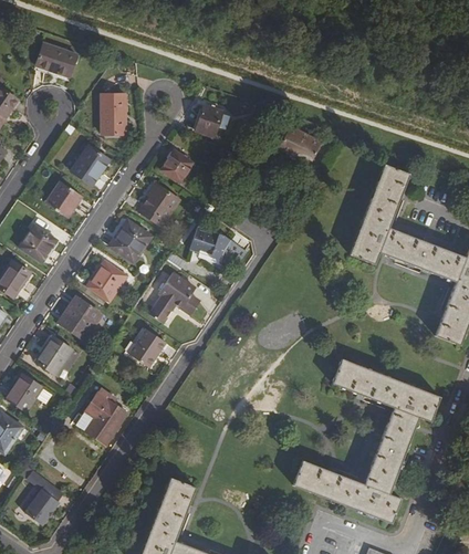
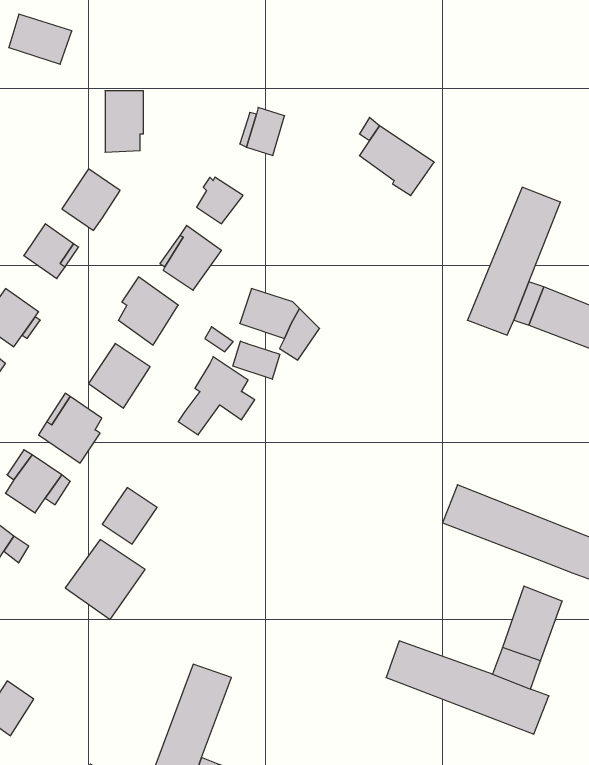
building: none -> [233,341,280,379]
building: [131,330,167,367] -> [102,488,157,544]
building: [381,405,413,433] -> none

